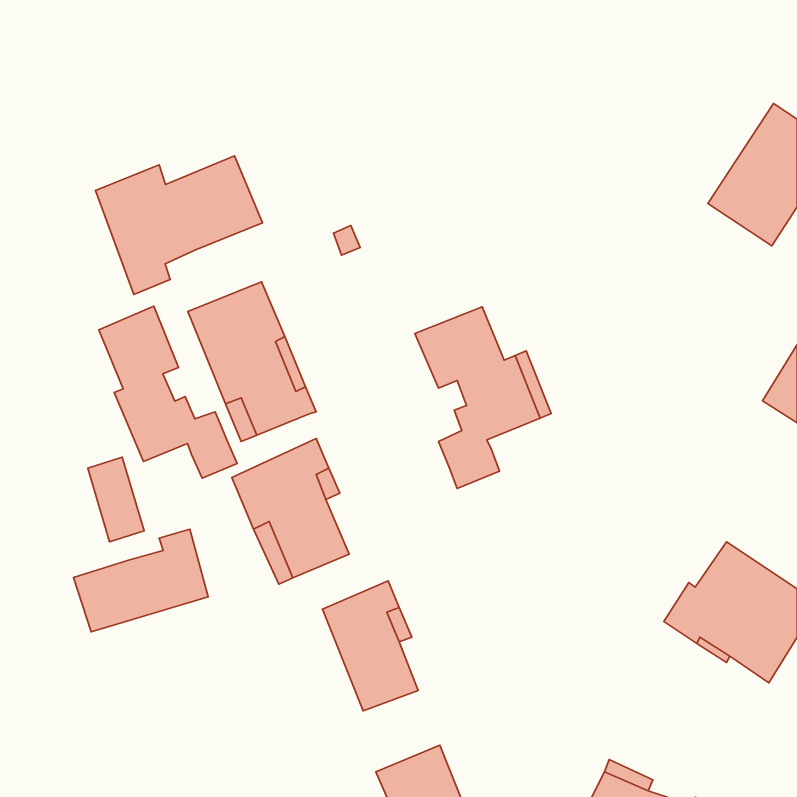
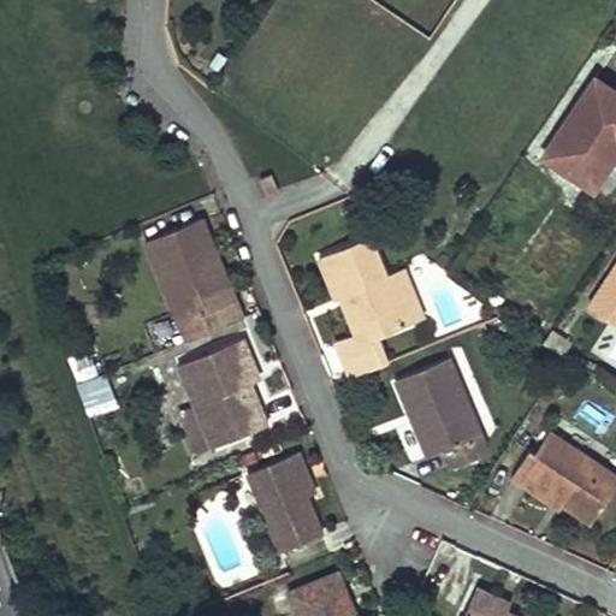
building: [96,156,262,294] -> none
building: [99,306,237,478] -> none
building: none -> [396,359,486,472]
building: [73,529,208,632] -> none

